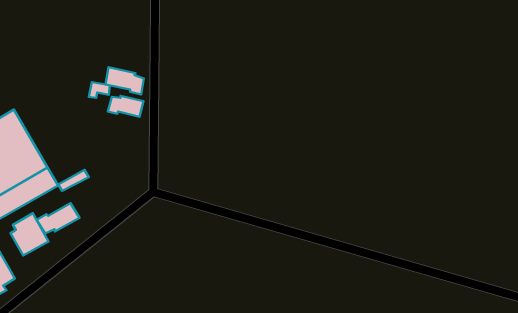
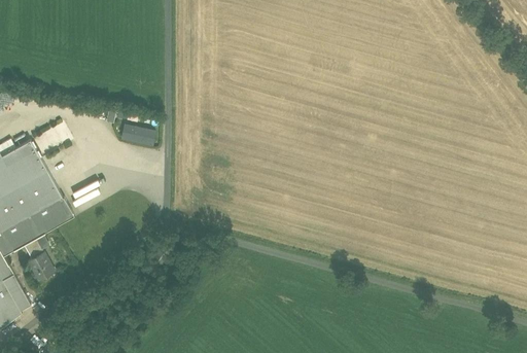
building: [105,67,144,95] -> none
building: [36,203,80,233] -> none

